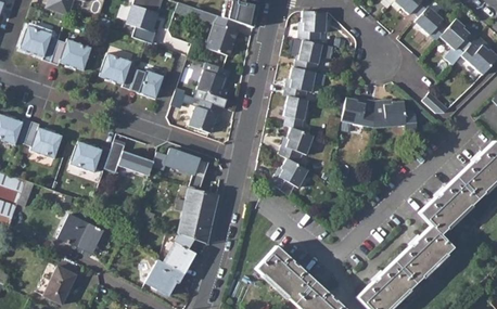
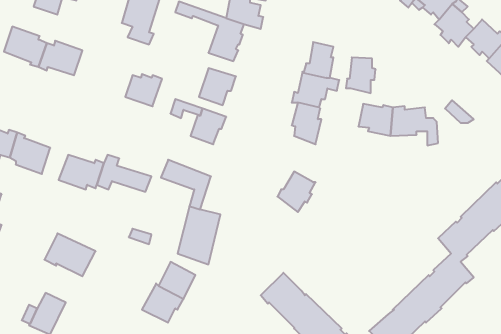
building: [298,11,326,43] -> [346,57,376,93]
building: [100,53,139,89] -> none
building: [279,127,315,167] -> none

